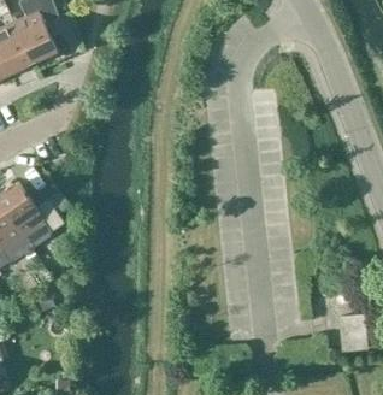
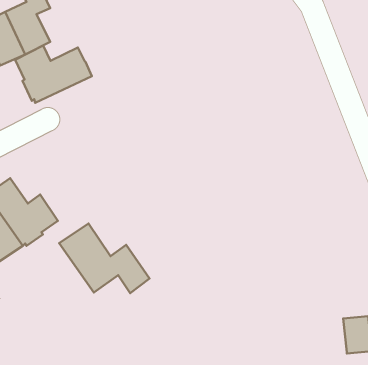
building: none -> [15,45,92,103]
building: none -> [59,223,149,293]

